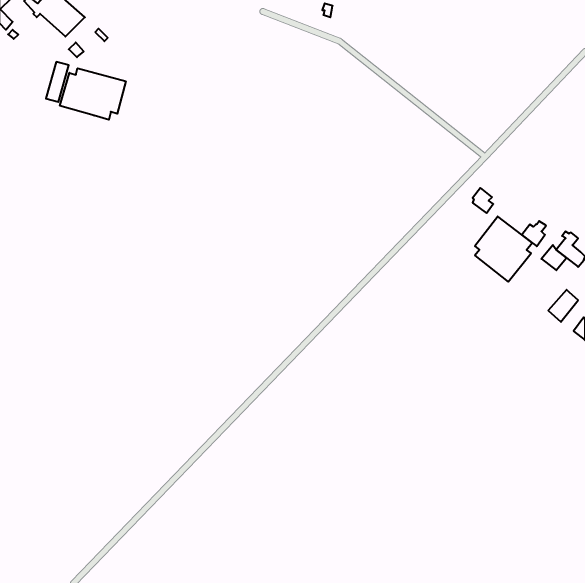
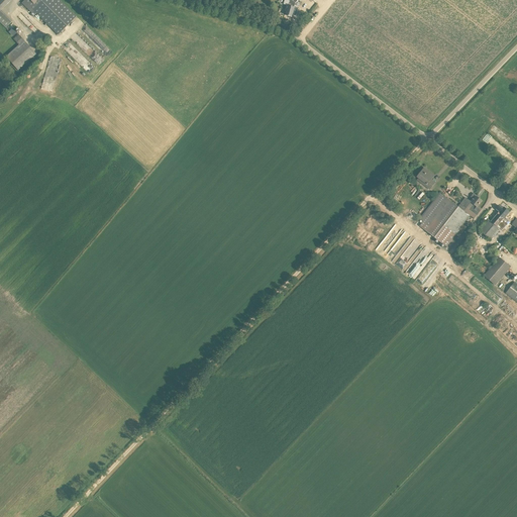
building: none -> [4,32,35,69]
building: [60,68,126,120] -> none

